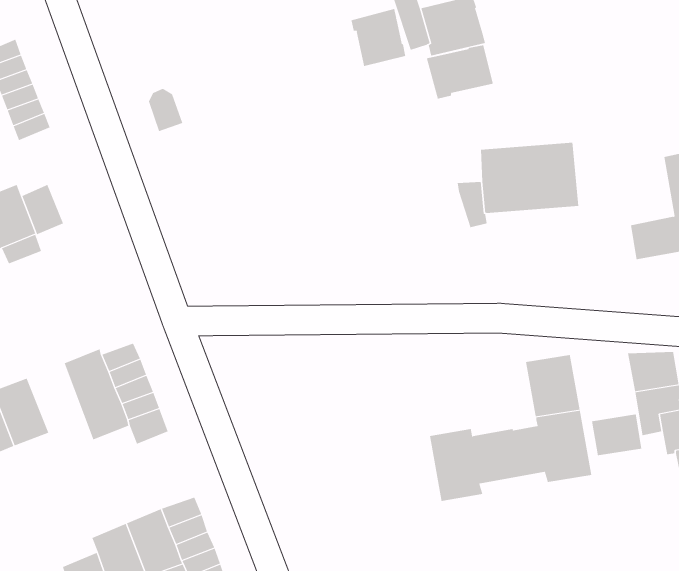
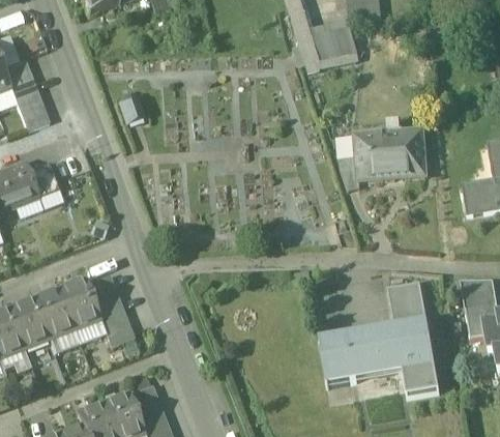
building: [351,8,406,67] -> none
building: [426,44,493,100] -> none
building: none -> [33,287,80,351]
building: [591,414,642,456] -> [403,367,439,397]

